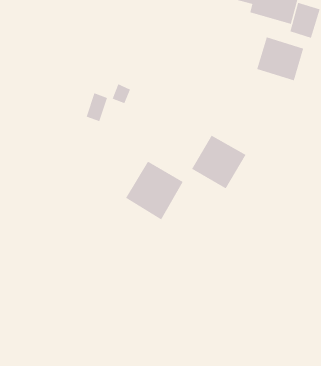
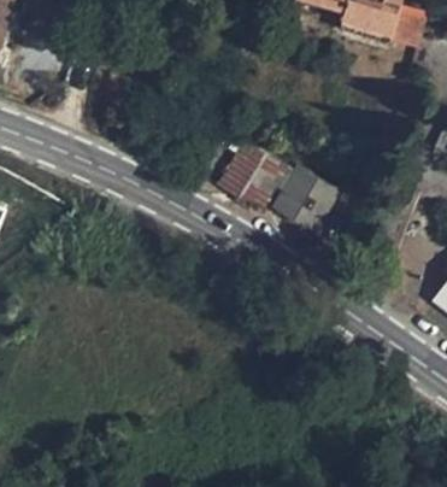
building: [257,36,304,81] -> none
building: [125,161,184,220] -> [217,140,287,211]

